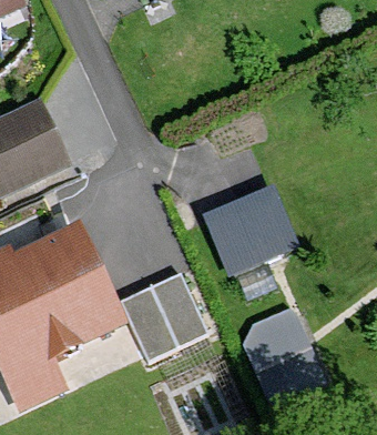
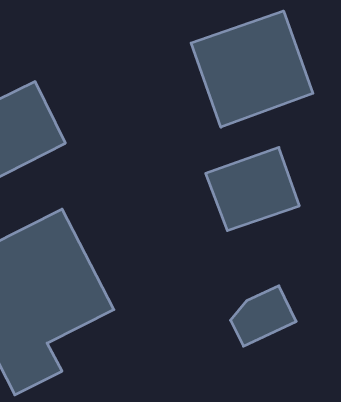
building: none -> [191,11,313,127]
building: [123,271,213,361] -> none

